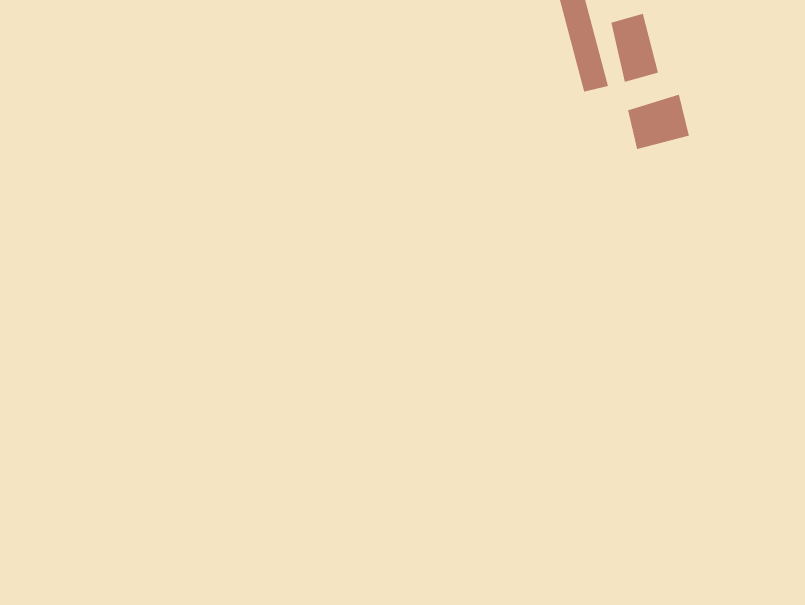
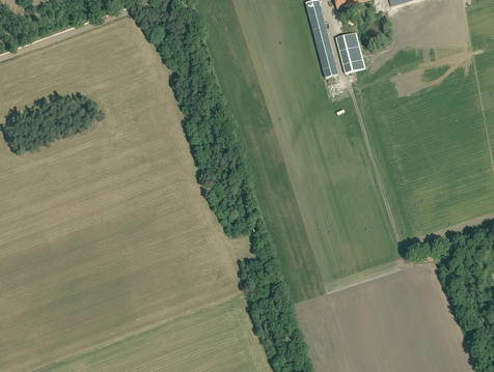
building: [627,94,690,150] -> none

